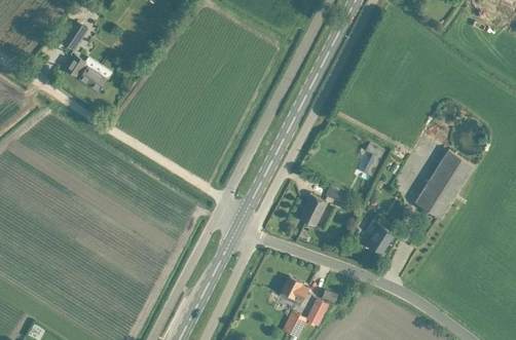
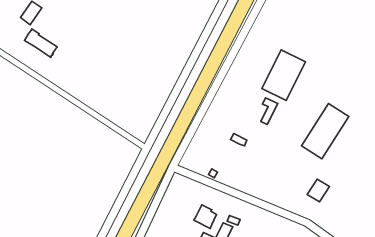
building: none -> [262,50,305,101]
building: [299,194,327,226] -> none
building: [366,225,394,254] -> [307,179,329,202]

